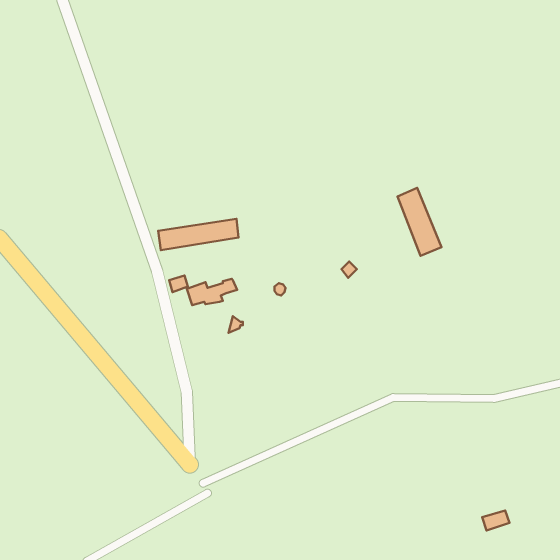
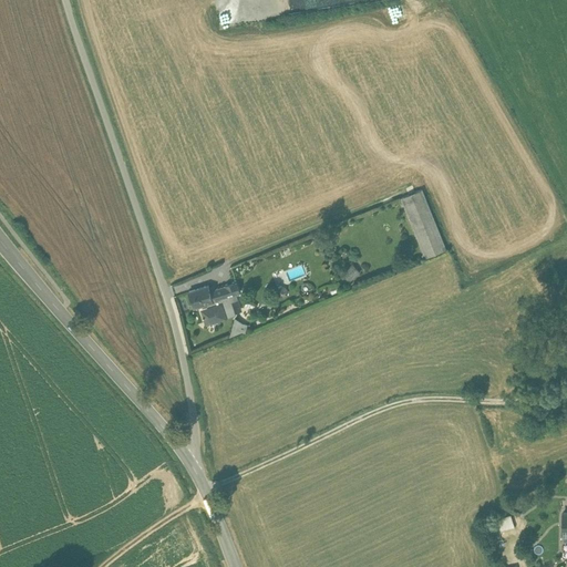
building: [158,219,239,250] -> none
building: none -> [202,297,234,324]

